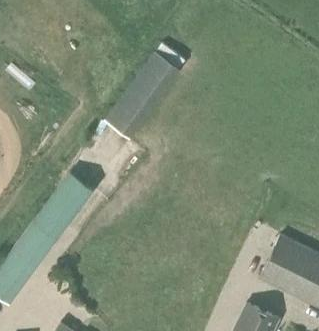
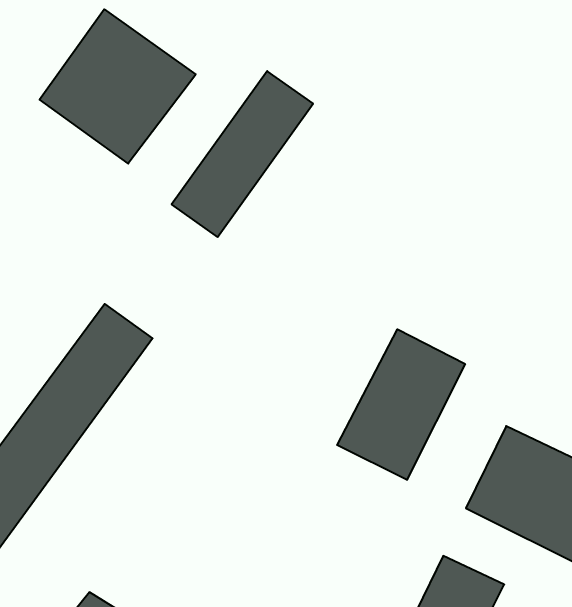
building: none -> [40,9,196,164]
building: none -> [337,329,465,480]

